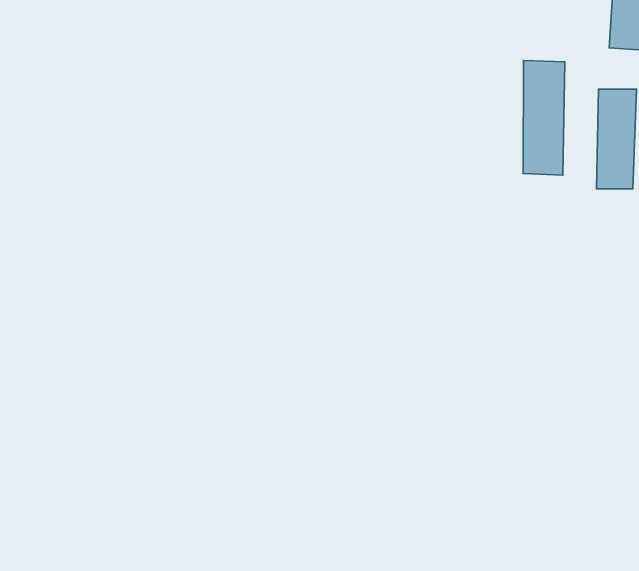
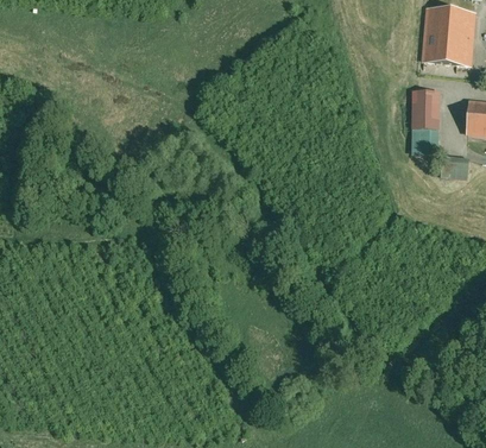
building: [523,60,565,175] -> none

